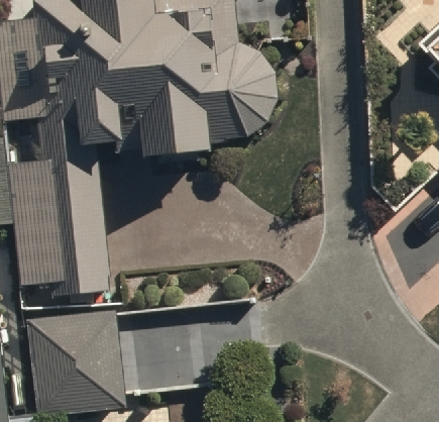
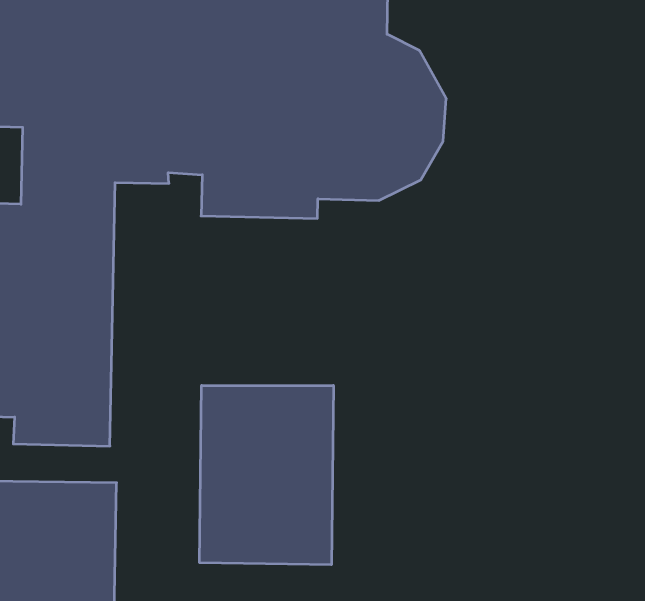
building: none -> [200,385,333,565]

